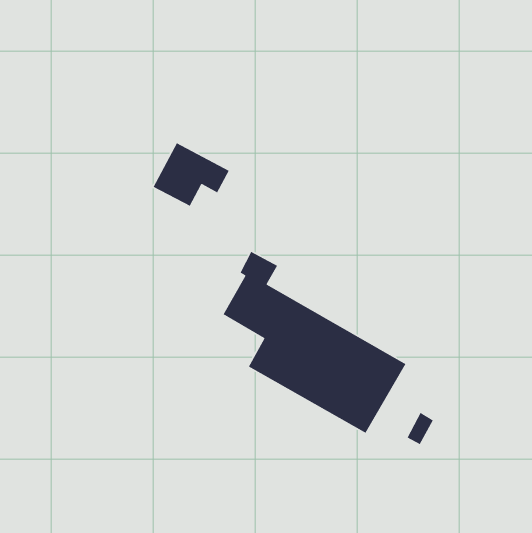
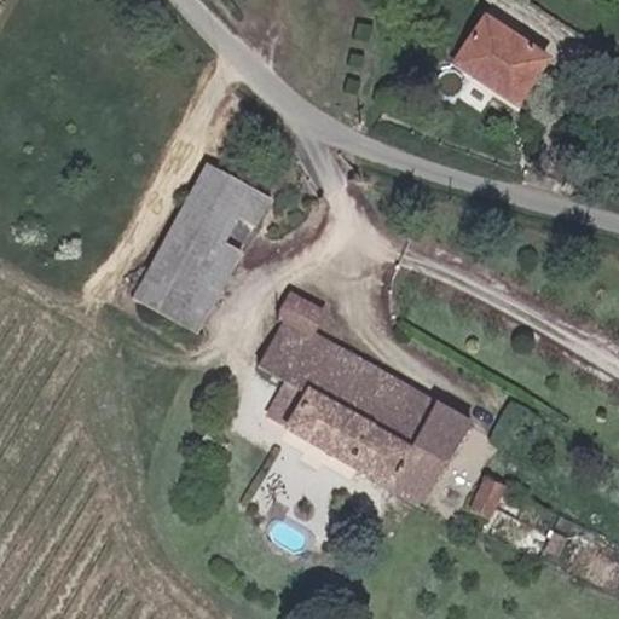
building: none -> [455,12,548,98]
building: none -> [133,218,237,330]

